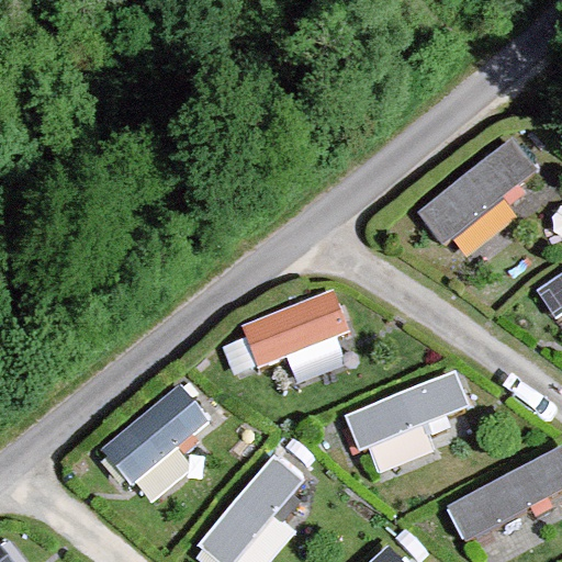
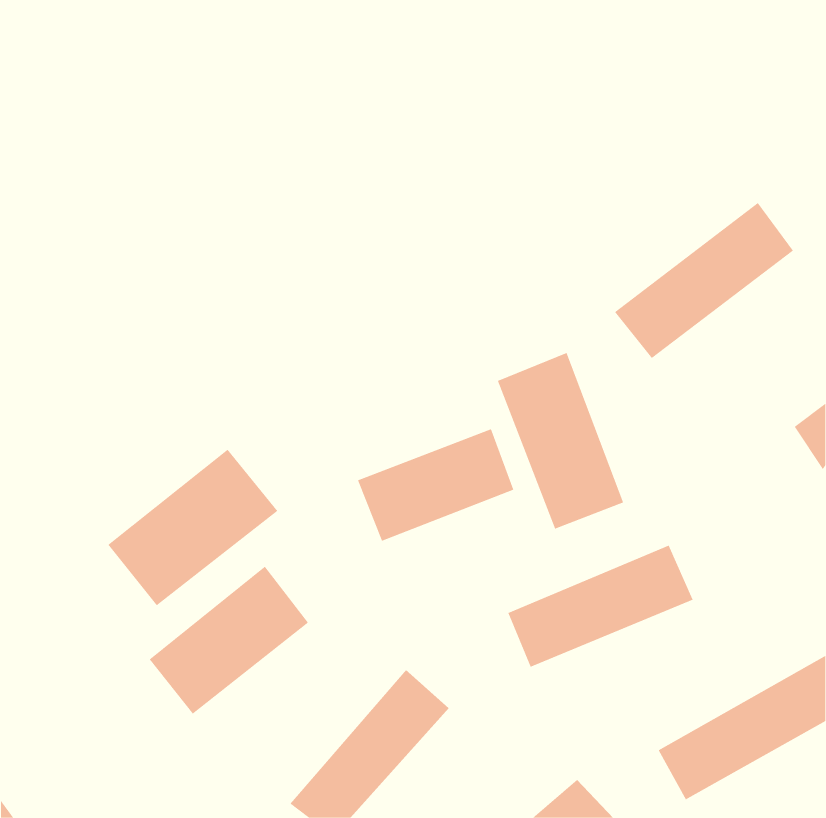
building: none -> [497,352,624,529]
building: none -> [108,449,278,606]

